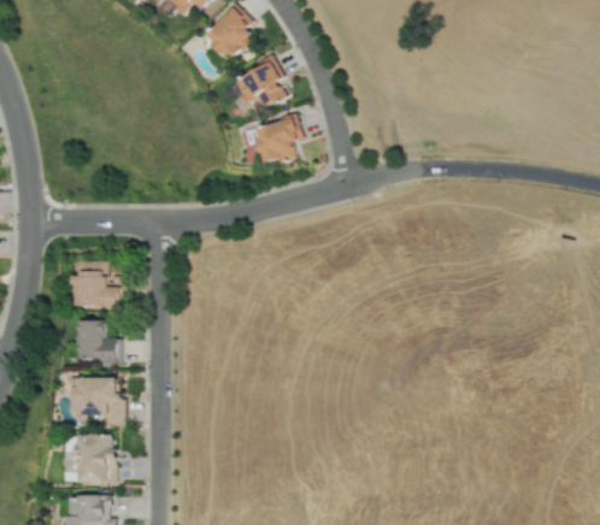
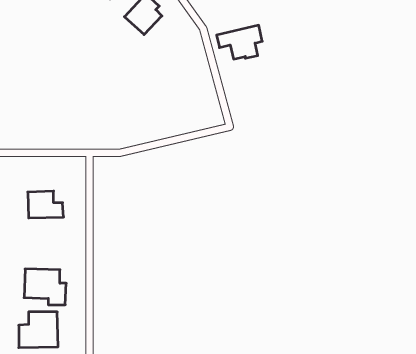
building: [233,61,287,107] -> none
building: [240,117,301,163] -> [217,25,262,59]
building: [78,319,120,364] -> none

